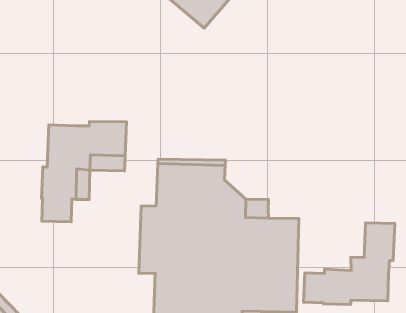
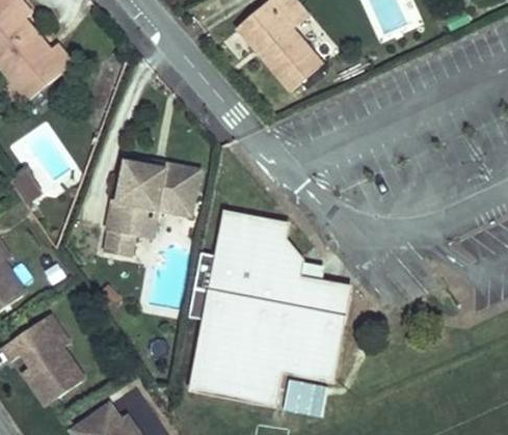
building: [304,223,395,304] -> none

